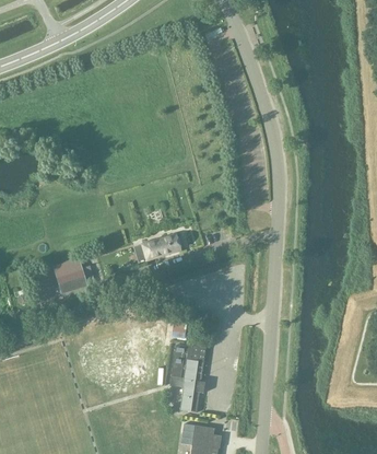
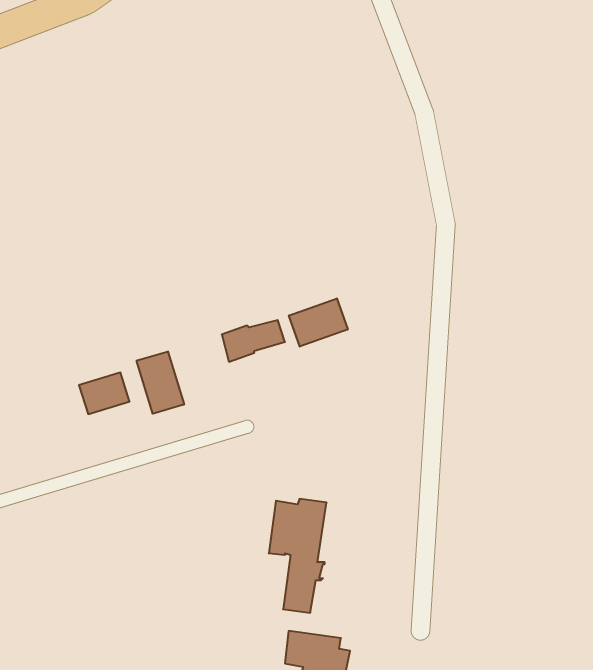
building: none -> [289,298,348,347]
building: none -> [137,351,184,414]

